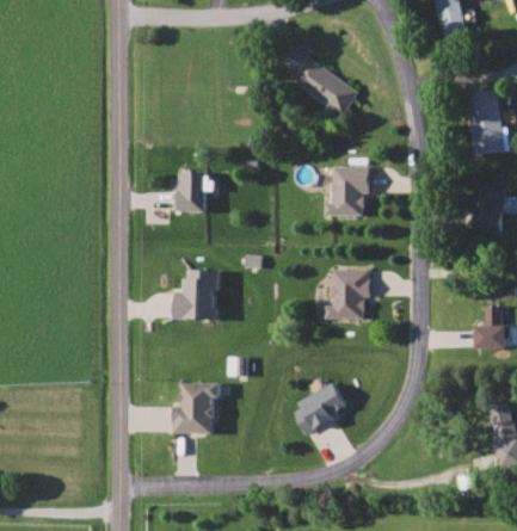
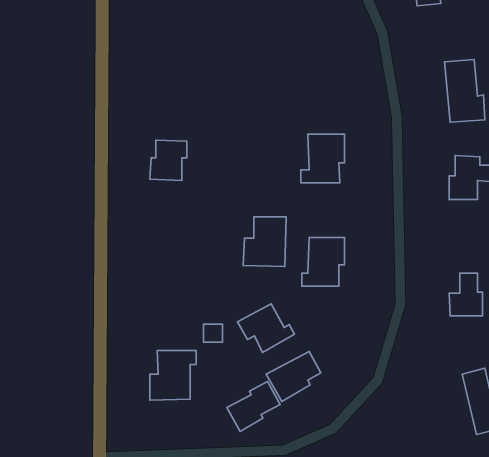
building: [291,57,358,115] -> none
building: [174,270,217,320] -> [243,217,286,267]
building: none -> [238,304,295,352]
building: none -> [227,382,280,431]

